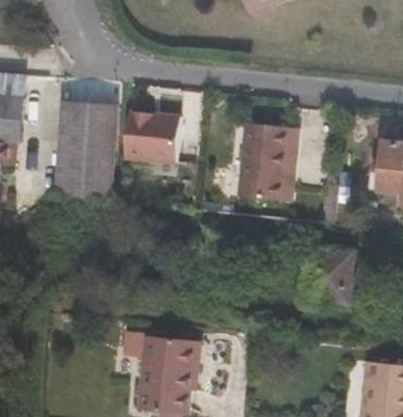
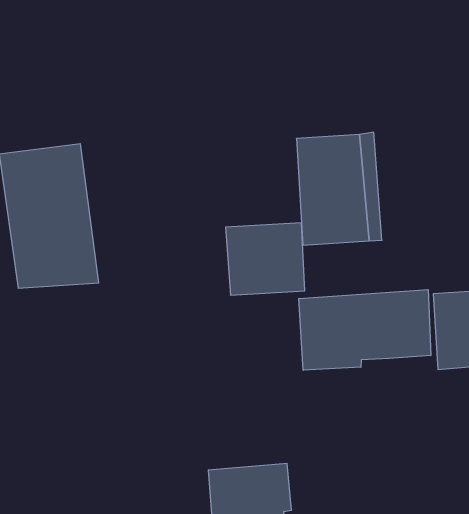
building: [109,110,165,162] -> [226,223,305,295]
building: none -> [299,290,431,370]

